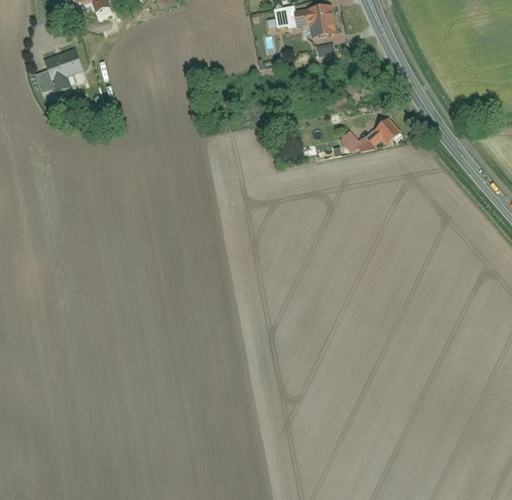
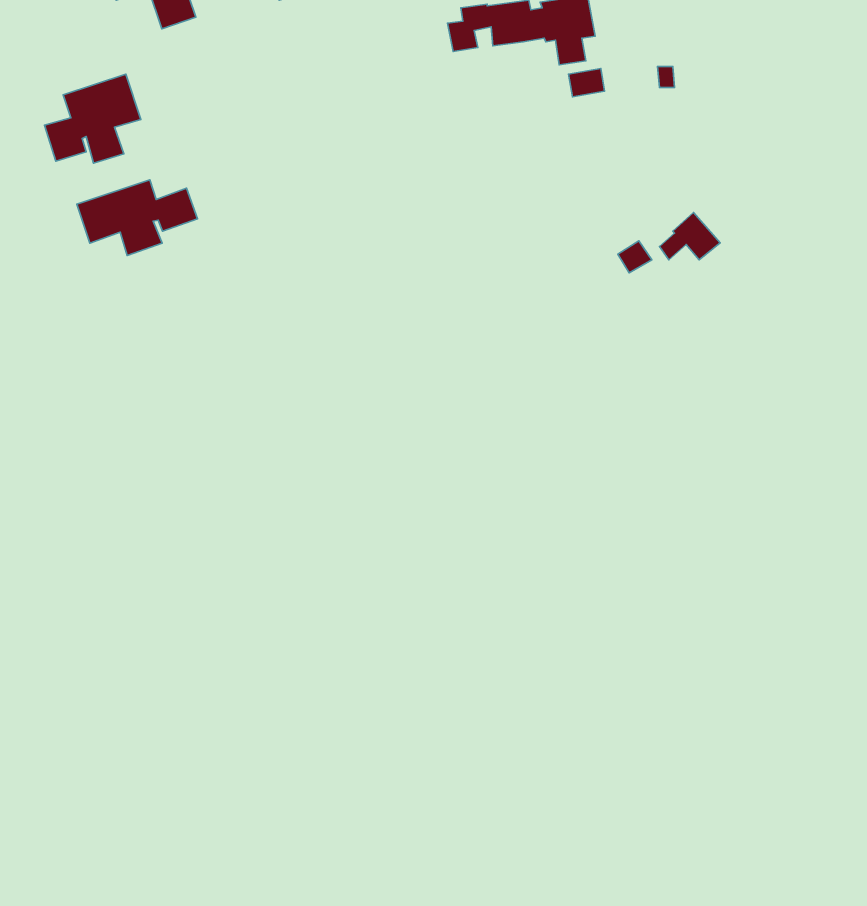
building: none -> [77,180,197,255]

